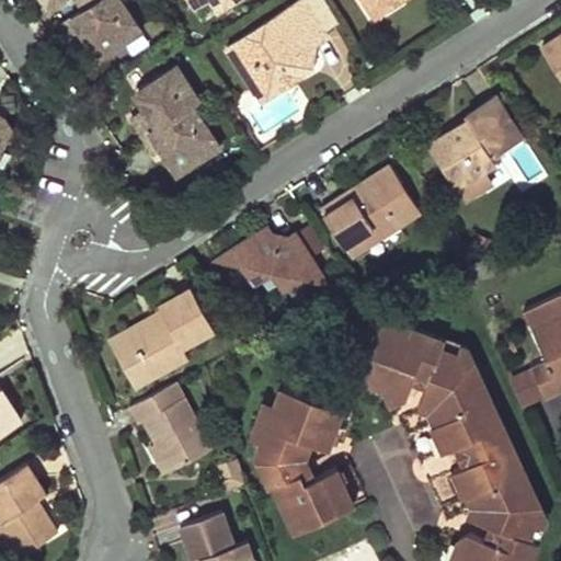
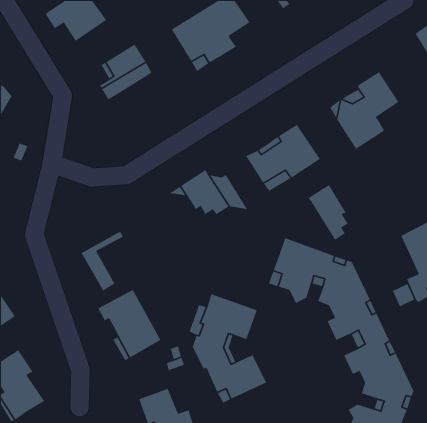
building: [142,108,218,174] -> none
building: none -> [307,184,349,241]
building: [128,290,215,378] -> none

